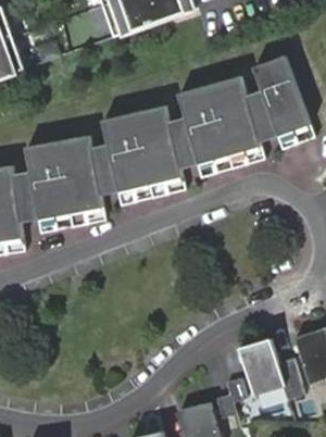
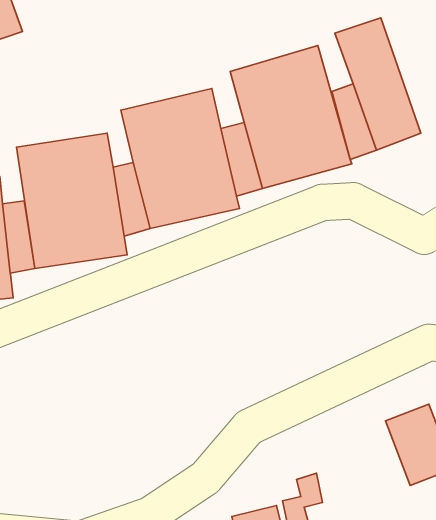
building: [234,339,299,399] -> none

